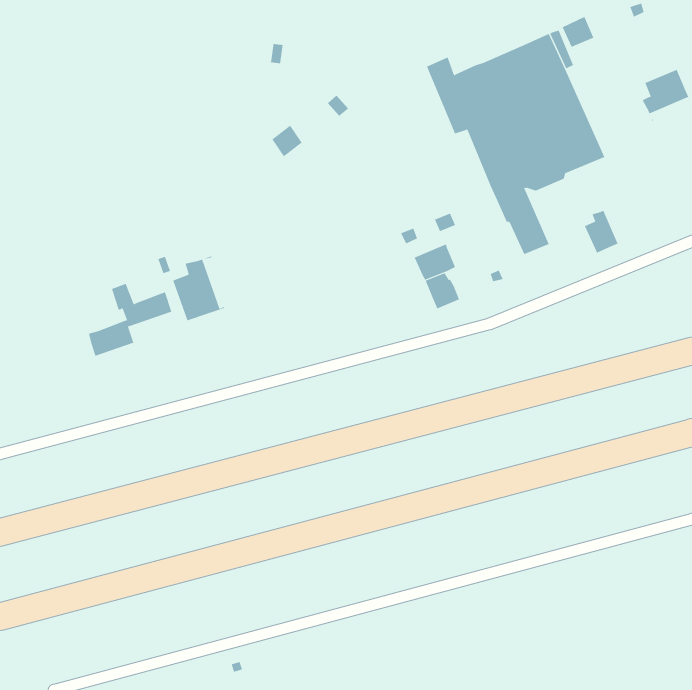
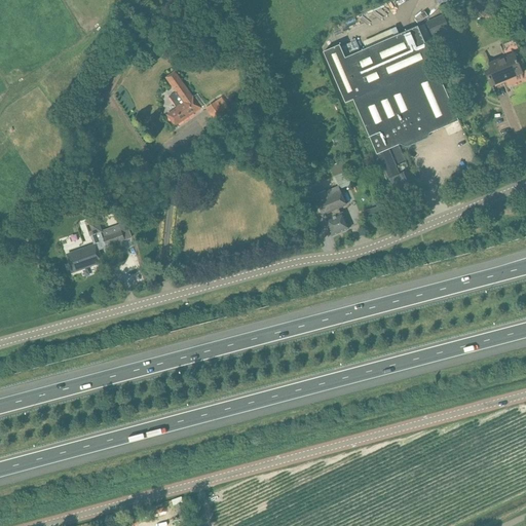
building: none -> [165,70,199,124]
building: [584,207,621,253] -> none
building: [172,256,224,321] -> none

